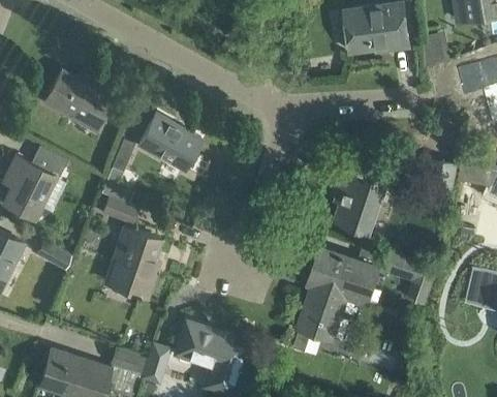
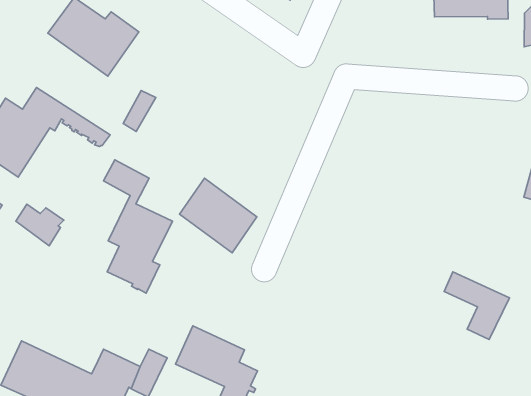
building: [138,113,200,170] -> [180,178,257,253]
building: [335,164,391,233] -> none
building: [299,248,379,341] -> none

